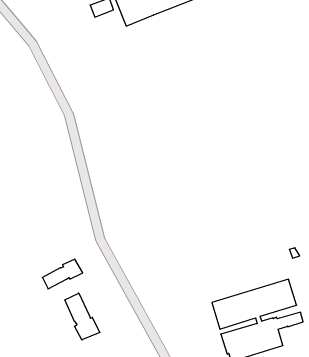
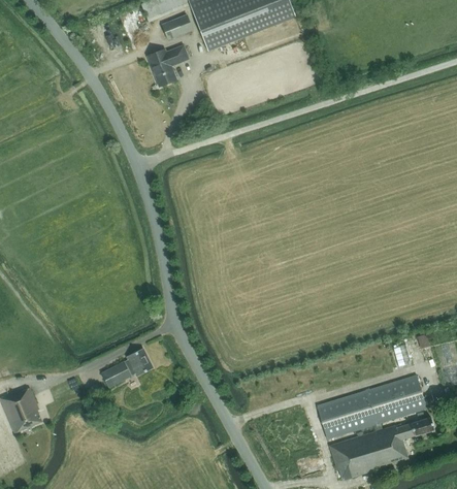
building: none -> [146,45,187,86]
building: [65,293,100,340] -> none

